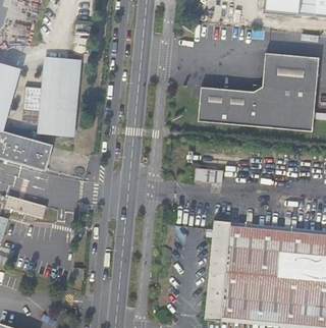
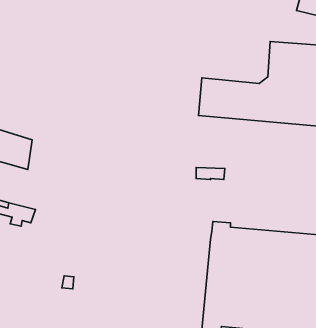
building: [41,57,80,136] -> none

